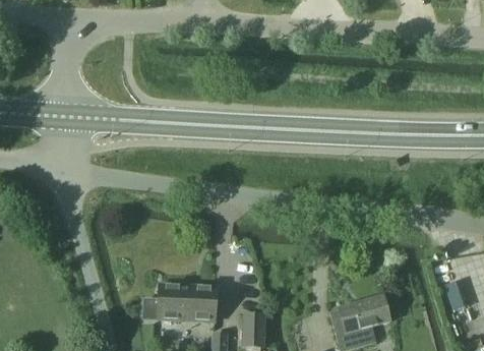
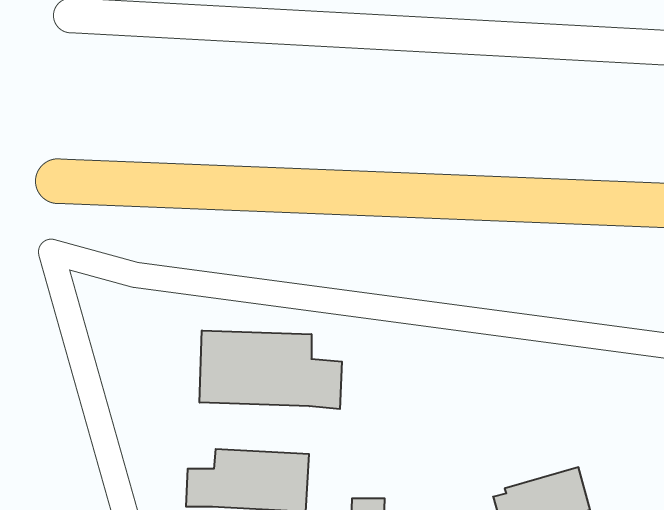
building: none -> [200,330,342,409]

